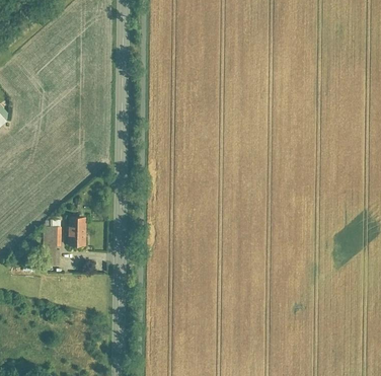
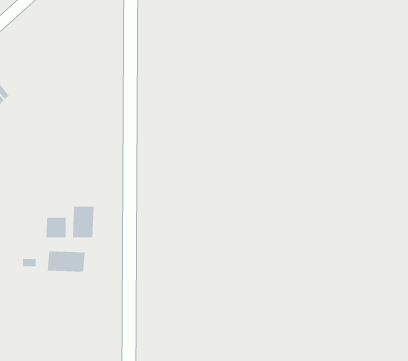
building: none -> [47,250,85,272]

